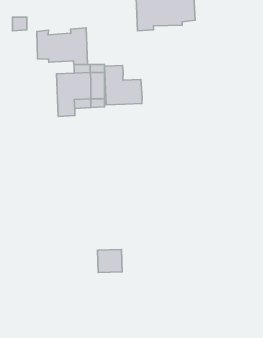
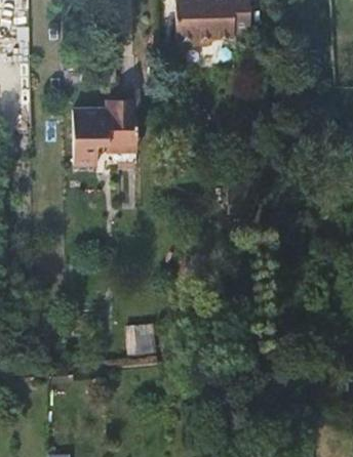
building: [37,28,88,64] -> none
building: [105,66,142,105] -> none

